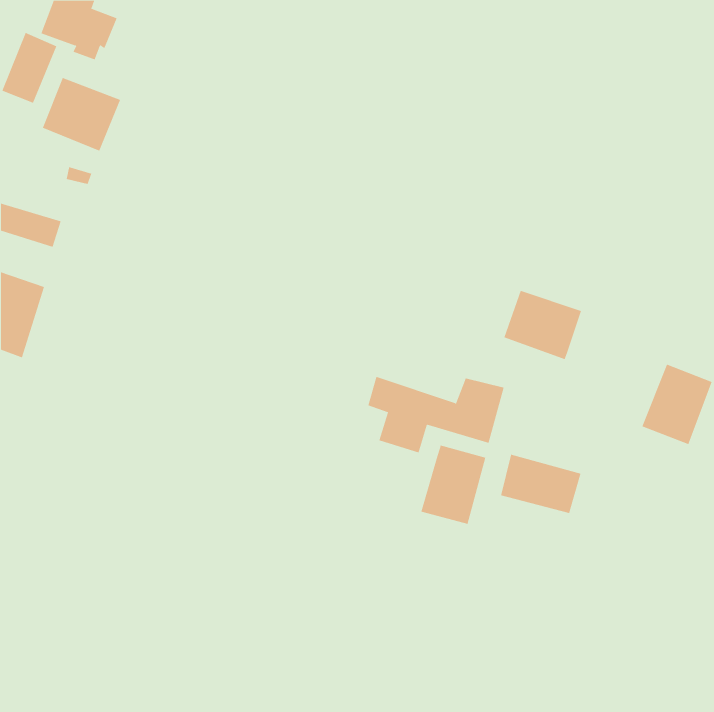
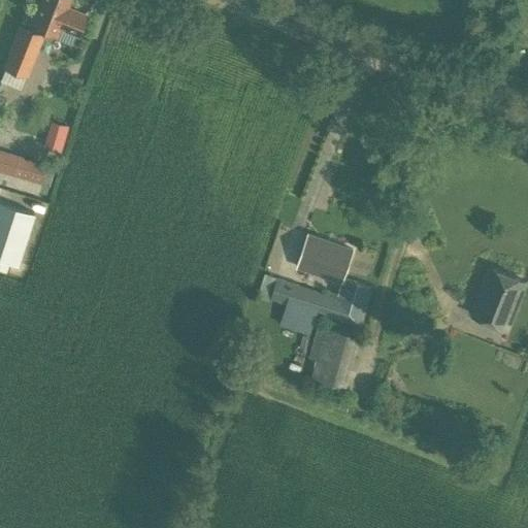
building: [42,77,121,152] -> none
building: [504,290,582,360] -> [296,234,354,286]
building: [500,454,581,514] -> none

